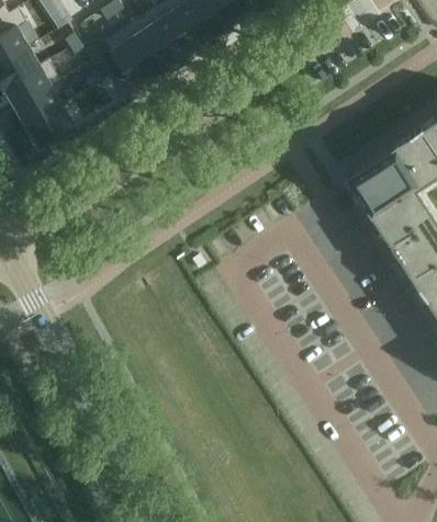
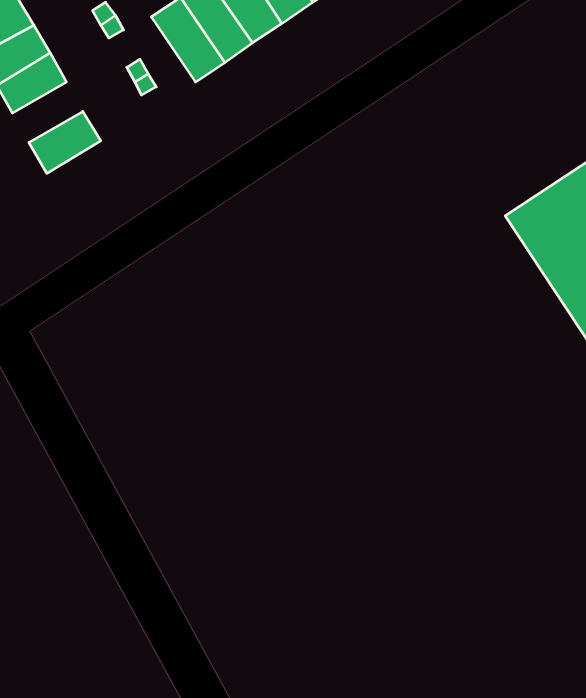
building: [11,86,58,126] -> none

